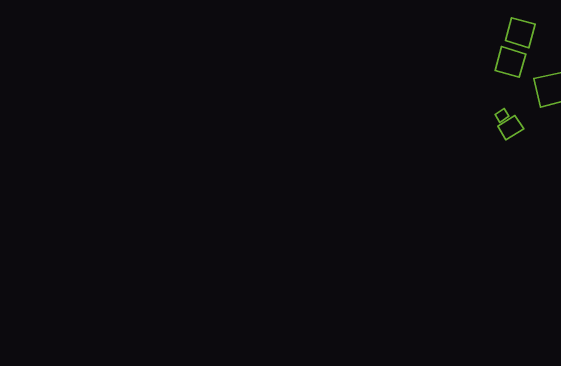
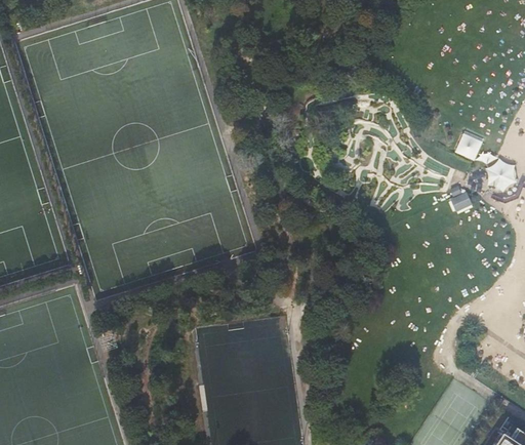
building: [505,18,535,48] -> none

